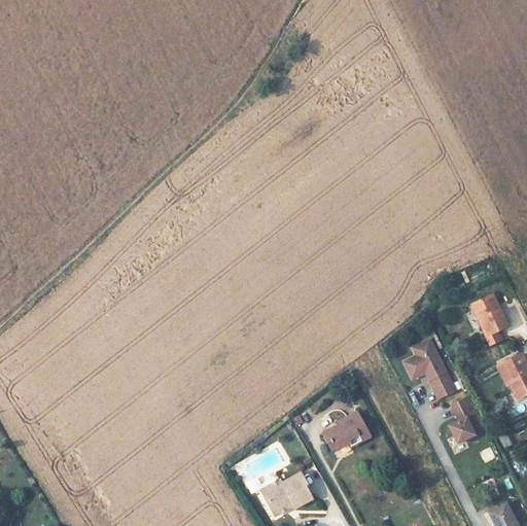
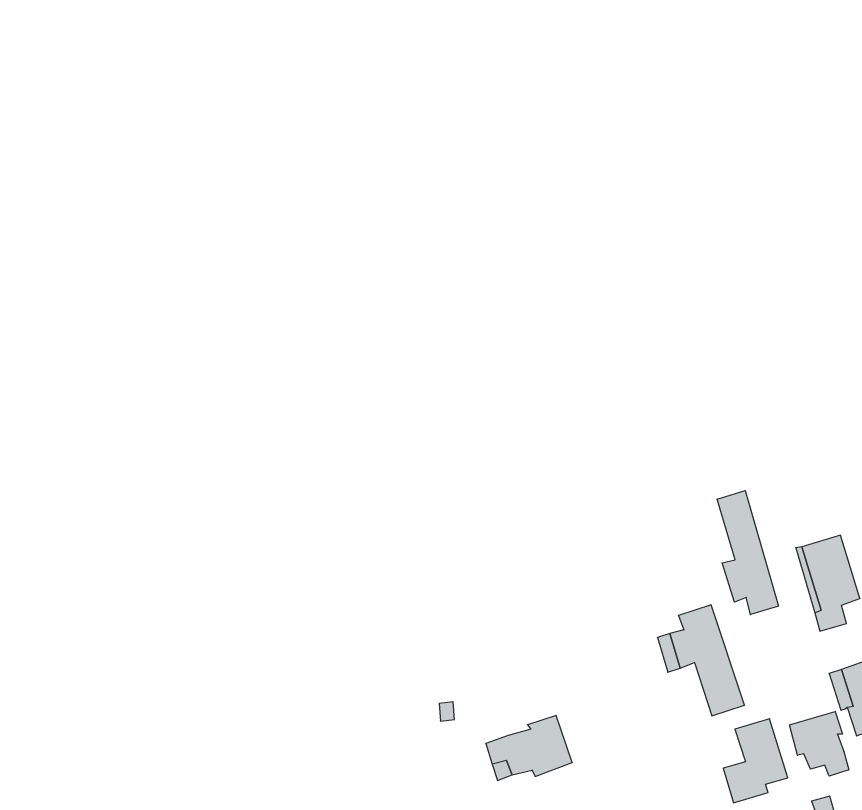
building: none -> [717,491,779,615]
building: none -> [790,711,849,776]

